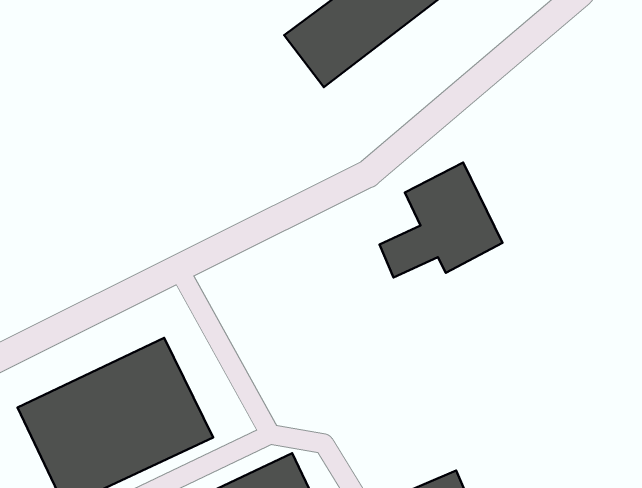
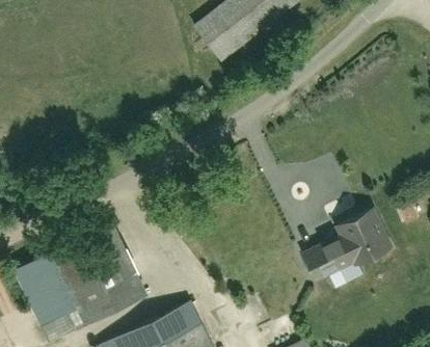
building: [379,162,503,278] -> [304,203,385,278]

